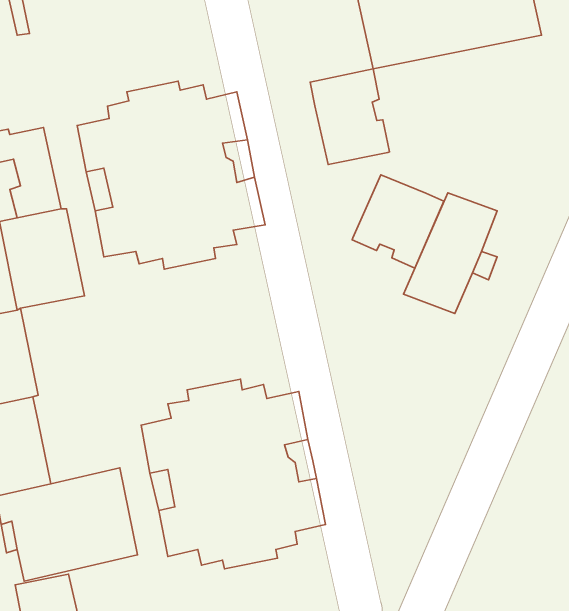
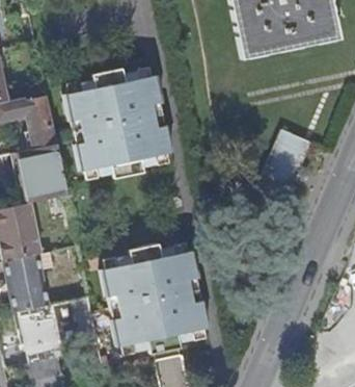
building: [310,69,390,164] -> none
building: [352,175,444,268] -> none

